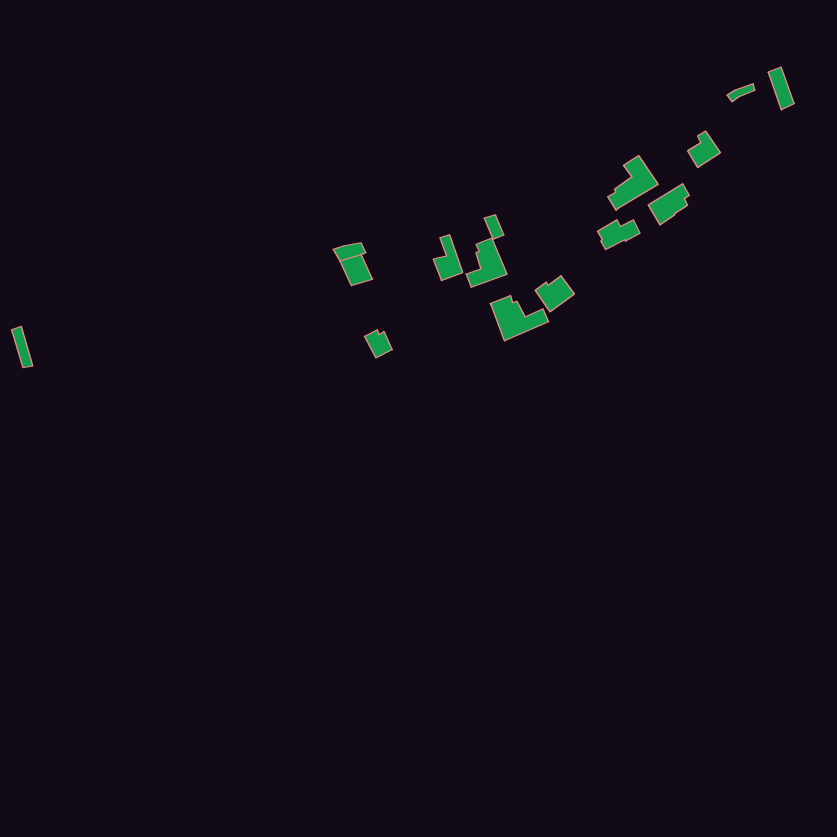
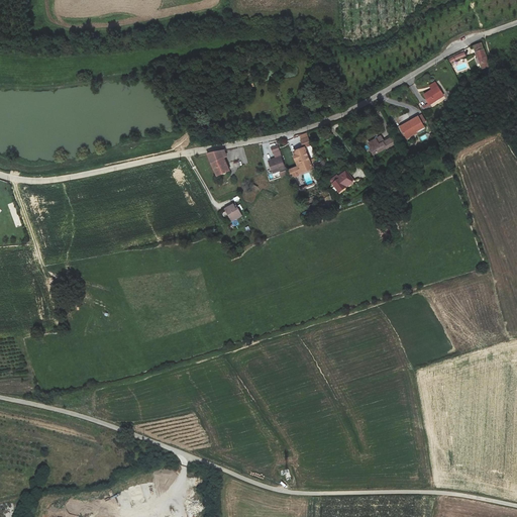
building: [608,156,658,210] -> none
building: [490,295,548,341] -> none

